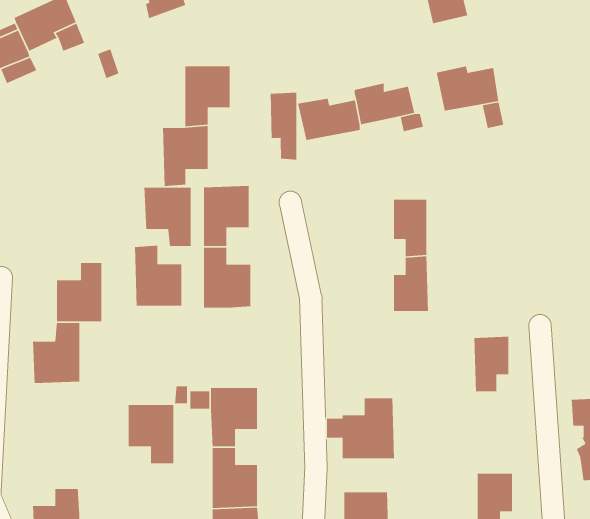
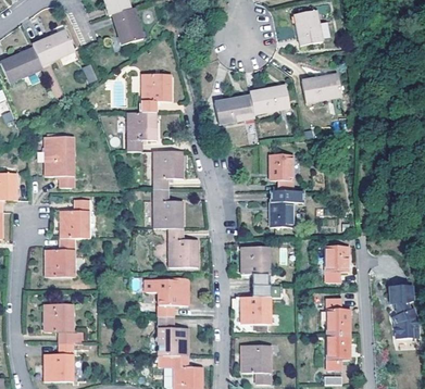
building: [270,92,297,161] -> none
building: [144,187,192,247] -> [42,149,73,187]
building: [134,245,182,306] -> [167,227,198,266]
building: none -> [240,247,273,285]
building: [128,404,174,464] -> [43,304,73,342]
building: none -> [325,297,349,332]

